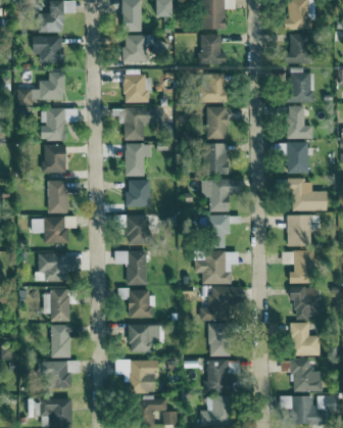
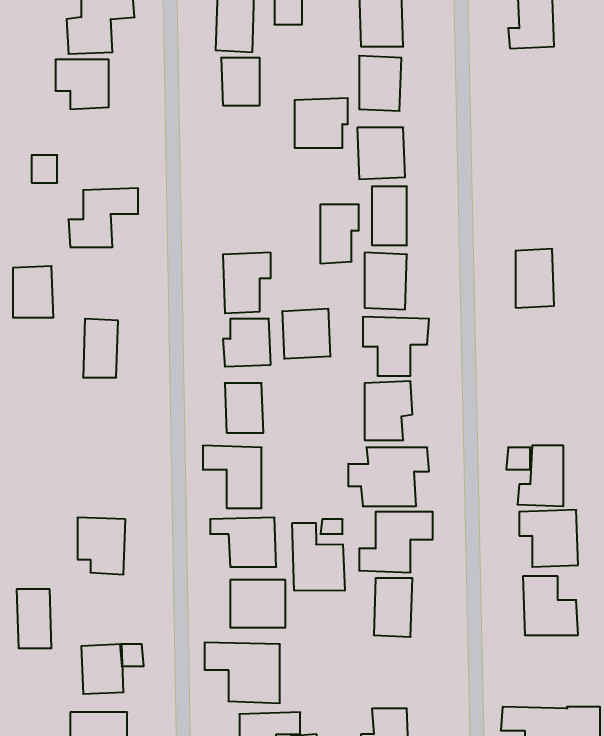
building: [285,34,308,63] -> none
building: [285,69,312,102] -> none
building: [39,72,62,100] -> none
building: [122,75,152,102] -> [295,98,348,148]
building: [287,106,312,138] -> none
building: [127,107,148,140] -> [320,205,359,263]
building: [43,144,65,173] -> [13,266,53,318]
building: none -> [282,309,330,359]
building: [288,179,327,210] -> none
building: [274,215,312,246] -> none
building: [31,218,66,243] -> none
building: [38,252,79,281] -> none
building: none -> [292,523,345,591]
building: [51,325,70,358] -> [17,589,52,648]
building: [292,359,322,391] -> none
building: [206,360,229,390] -> none

